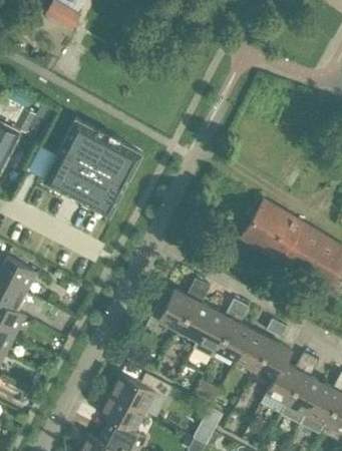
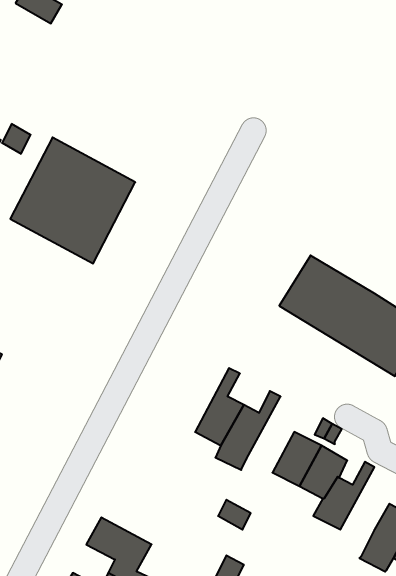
building: [146,280,204,331] -> none
building: [217,305,252,361] -> none
building: [280,357,322,424] -> none
building: [109,374,173,414] -> none

